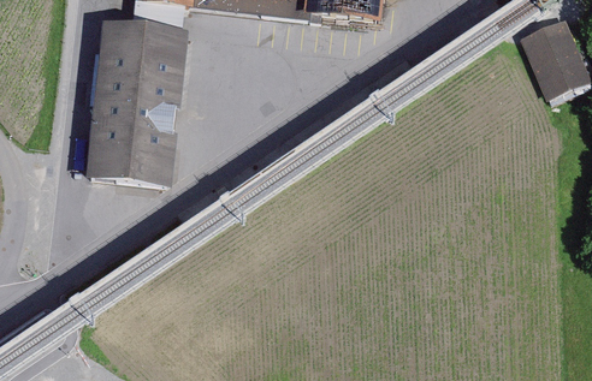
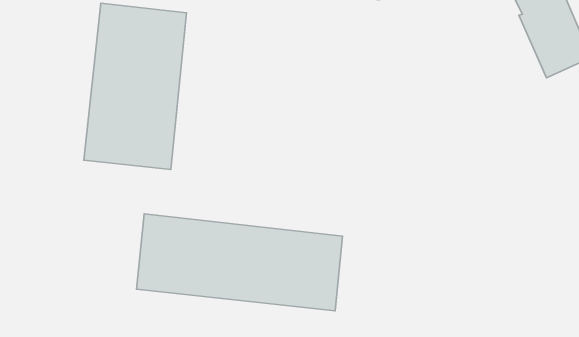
building: none -> [136,214,343,311]

